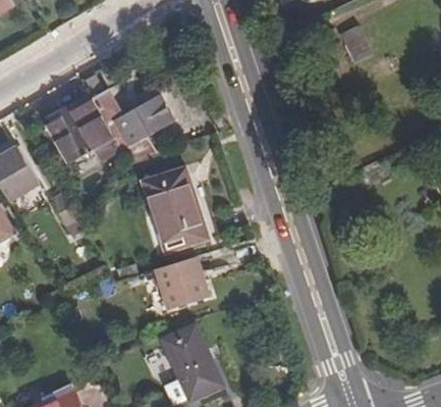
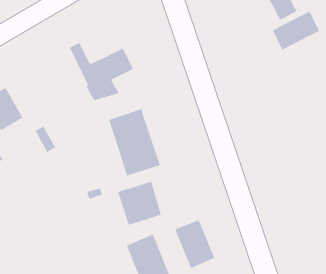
building: none -> [272,11,320,51]
building: [45,97,118,162] -> none
building: none -> [174,219,215,269]

